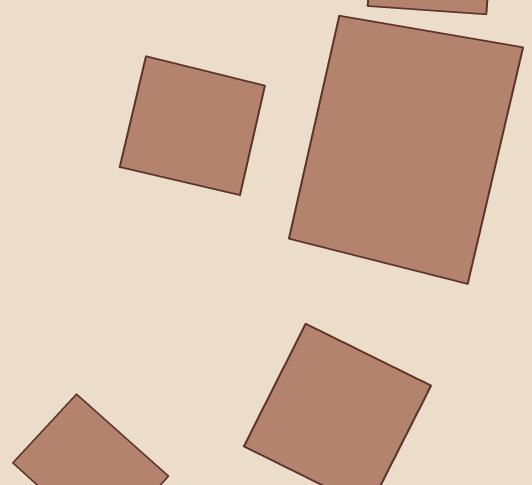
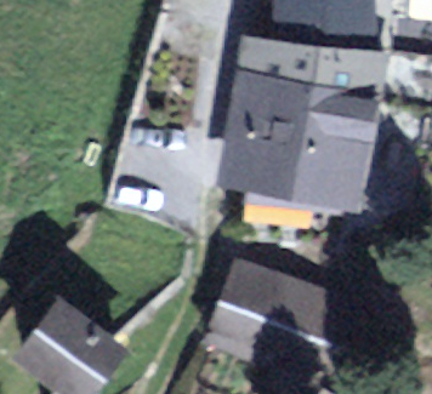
building: [120,56,265,195] -> none

